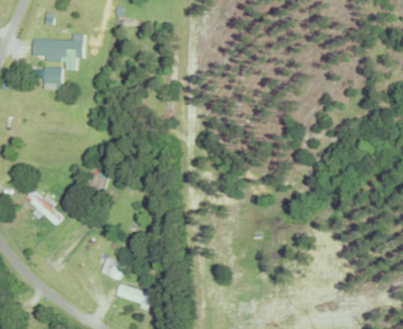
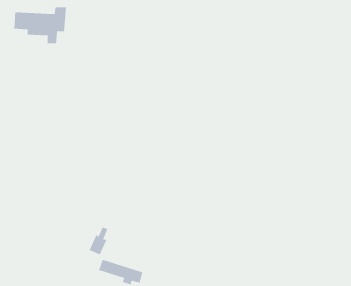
building: [43,67,62,90] -> none
building: [25,191,61,226] -> none

